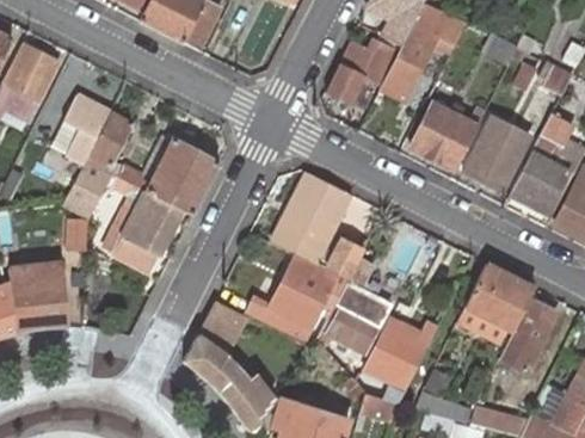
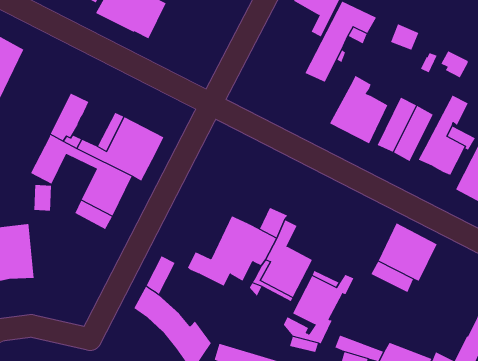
building: [327,41,396,105] -> none
building: [63,93,110,162] -> none
building: [272,172,350,263] -> none
building: [503,300,556,370] -> none

